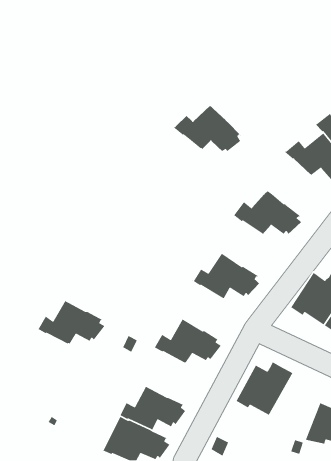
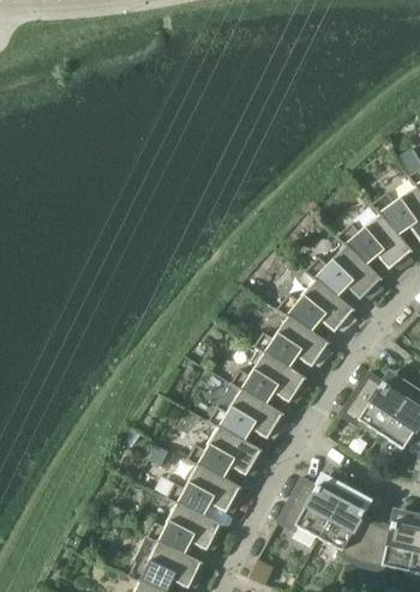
building: [173,104,241,152] -> [305,244,383,298]
building: none -> [254,315,332,367]
building: none -> [209,383,287,440]
building: [37,300,105,345] -> [167,464,245,515]
building: none -> [319,488,377,564]

